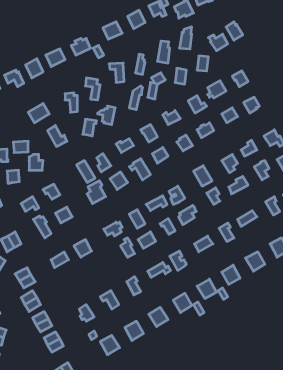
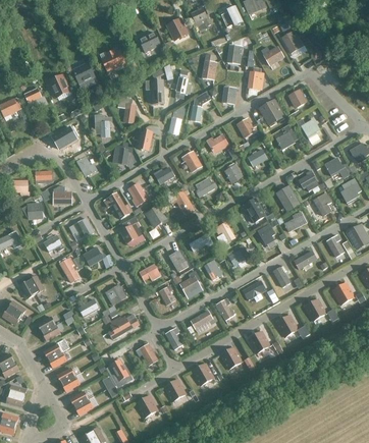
building: none -> [109,315,139,339]

